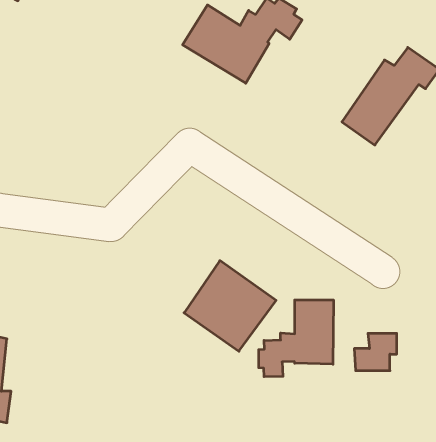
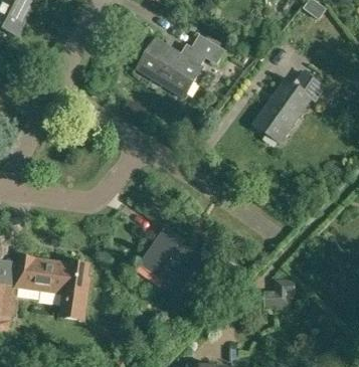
building: [259,300,333,377] -> none
building: none -> [14,256,88,321]

